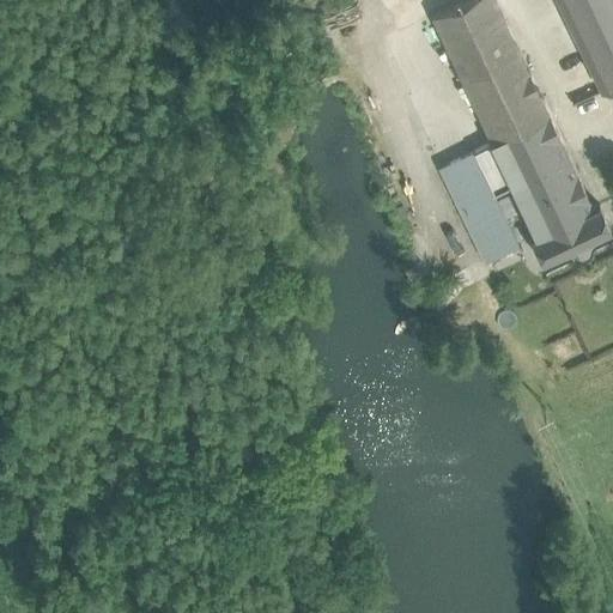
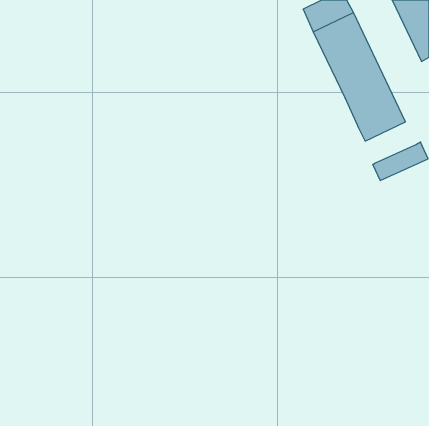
building: [445,145,518,260] -> none
building: [521,178,594,237] -> none

